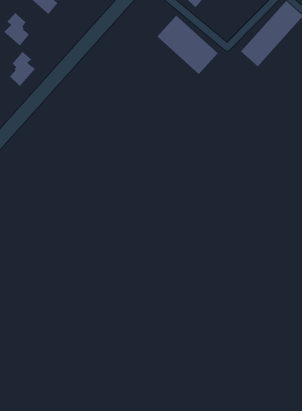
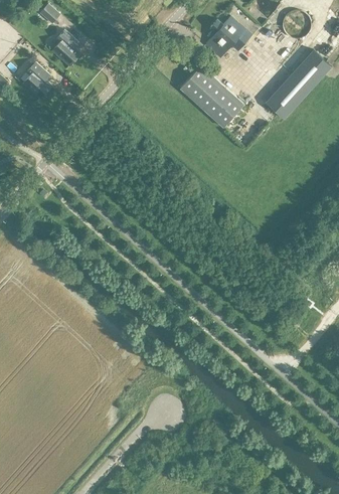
building: [9,51,36,87] -> none

